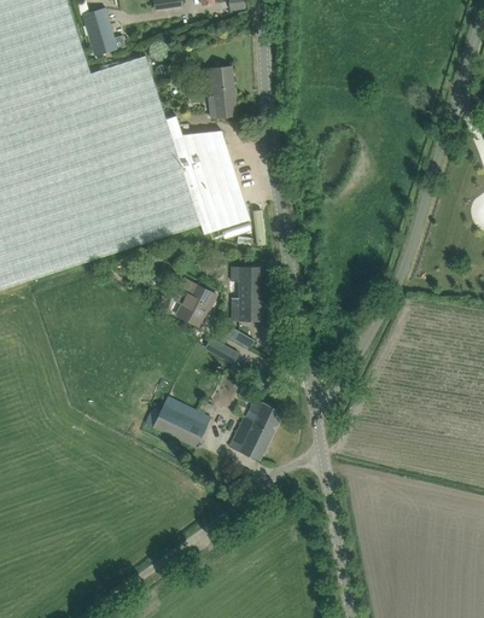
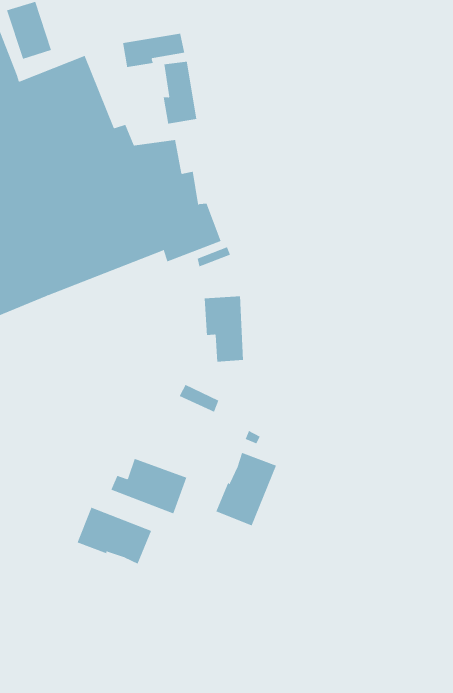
building: none -> [122,33,185,68]
building: [174,278,216,325] -> none
building: none -> [77,507,152,564]

